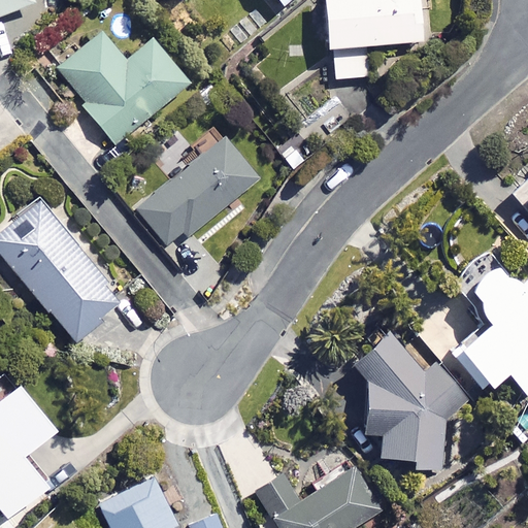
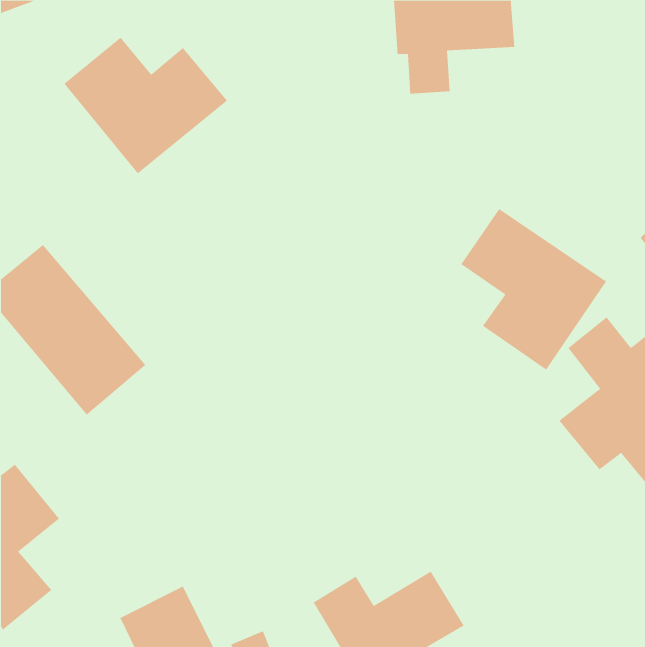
building: [137,134,260,250] -> none
building: none -> [460,208,607,370]
building: [351,328,472,469] -> none

